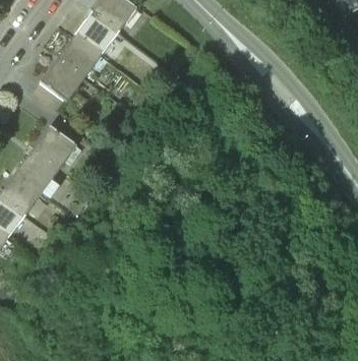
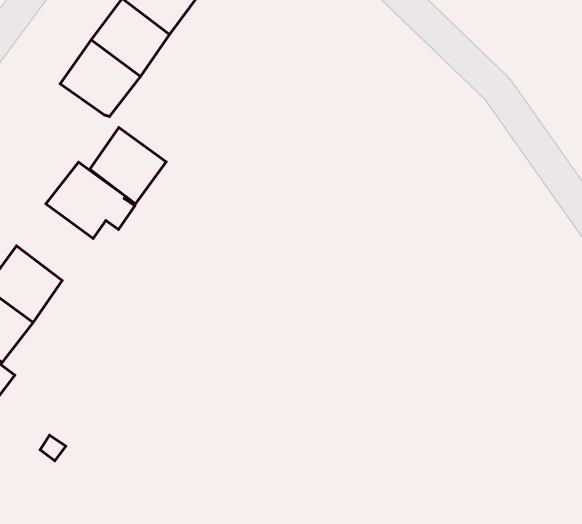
building: [14,148,57,191] -> [90,127,166,204]

